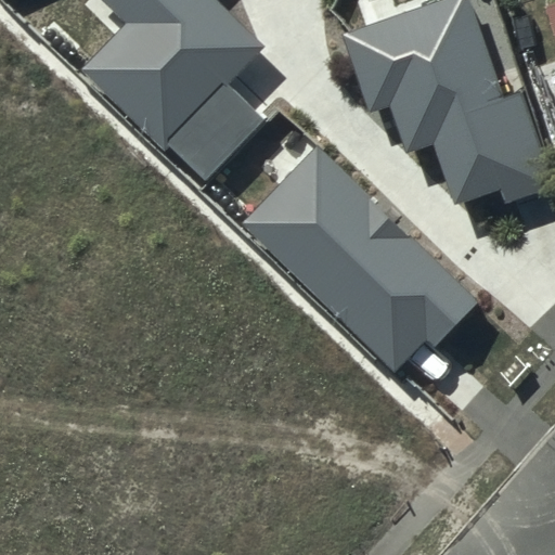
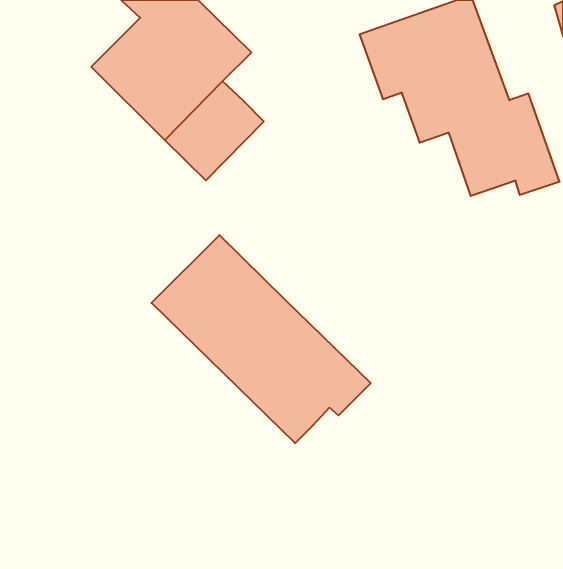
building: [253,155,466,358] -> [151,235,371,443]

